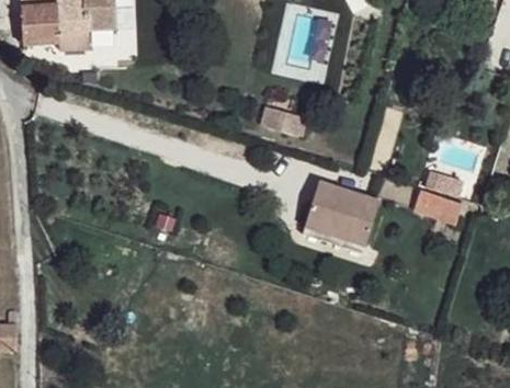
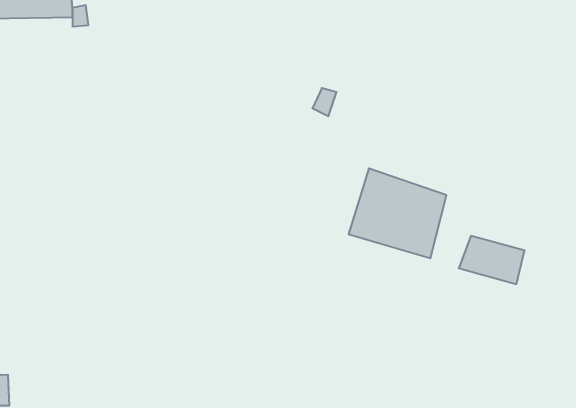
building: [419,181,473,220] -> [459,236,525,284]

